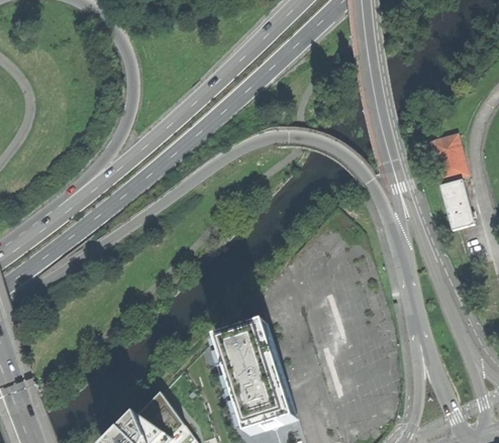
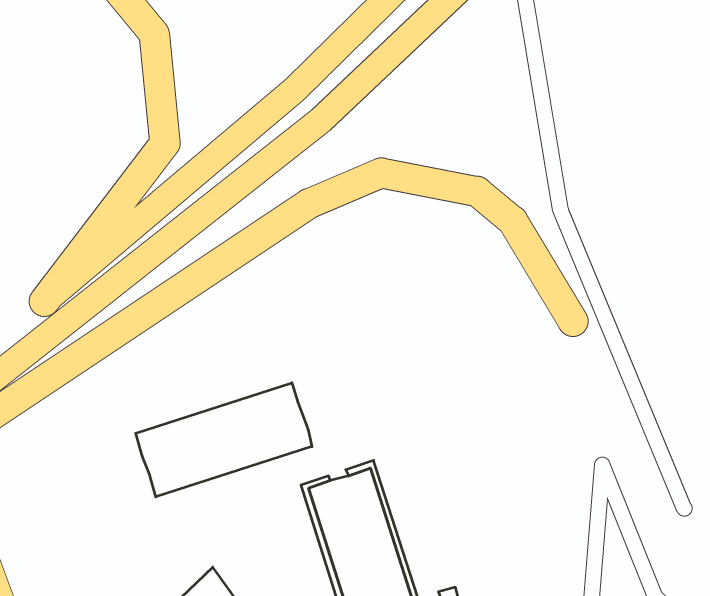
building: [425,133,472,229] -> none
building: none -> [136,383,312,497]

